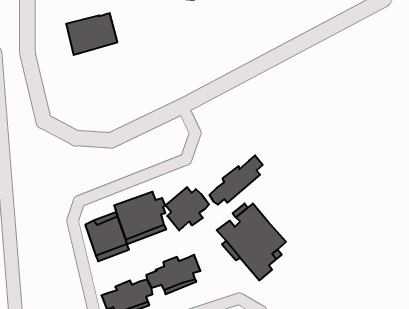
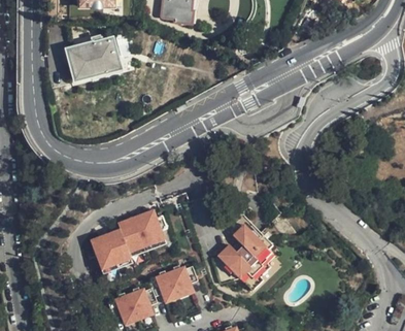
building: [210,155,263,205] -> none
building: [165,187,209,231] -> none

